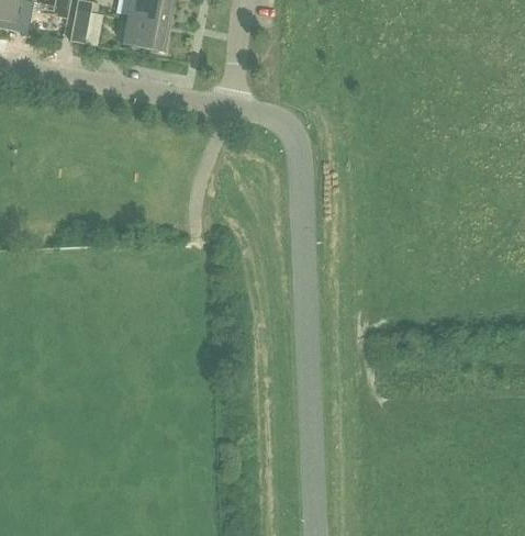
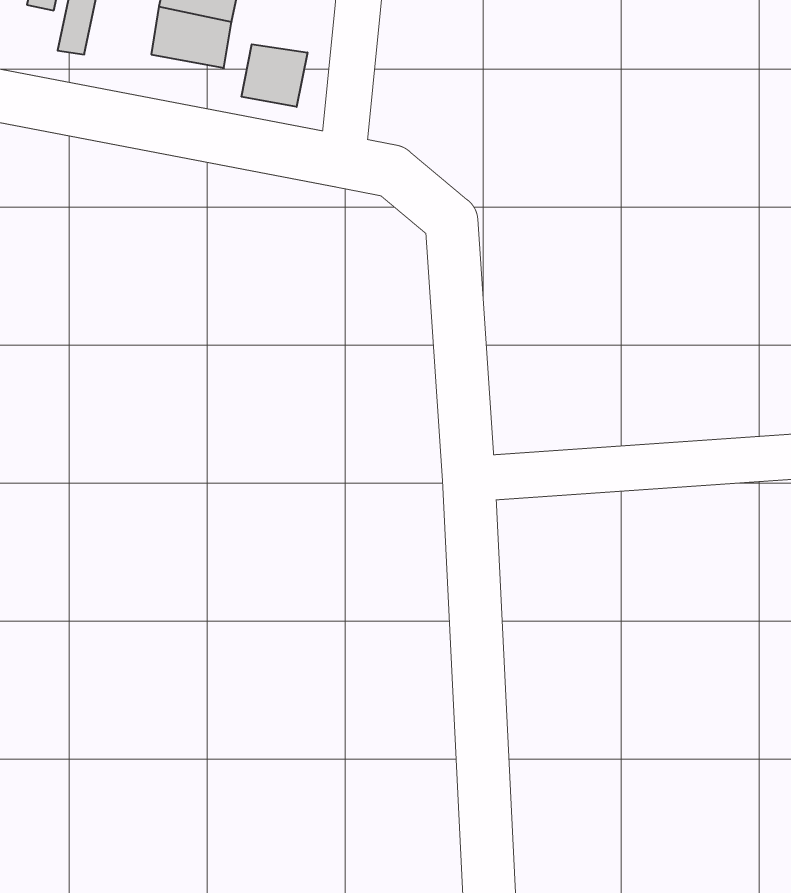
building: none -> [242,44,307,107]

